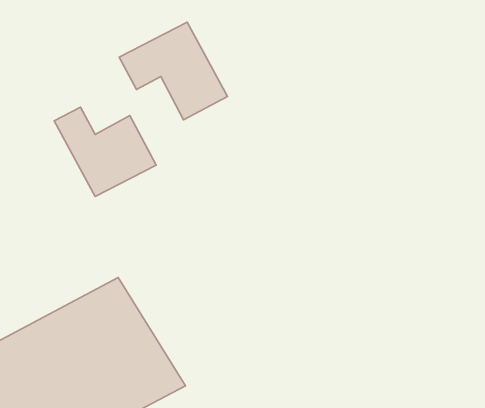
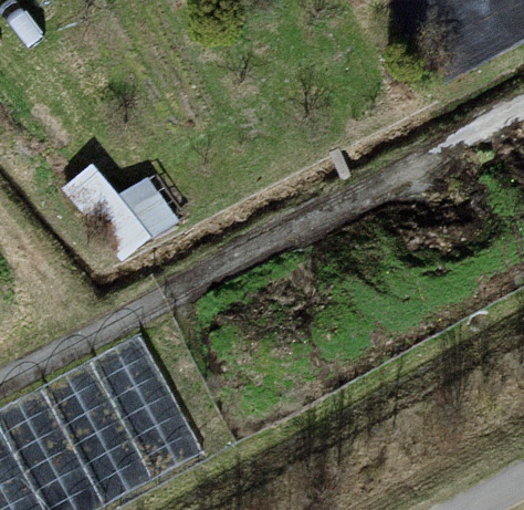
building: [119,22,227,120] -> none

